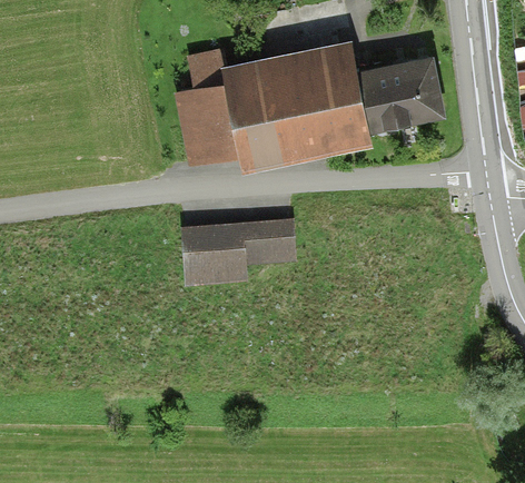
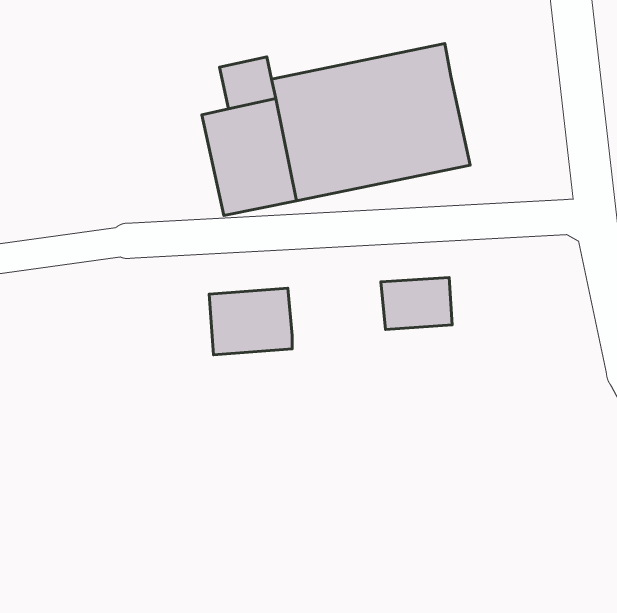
building: [363,53,446,135] -> none
building: [240,224,294,263] -> [381,278,452,329]

